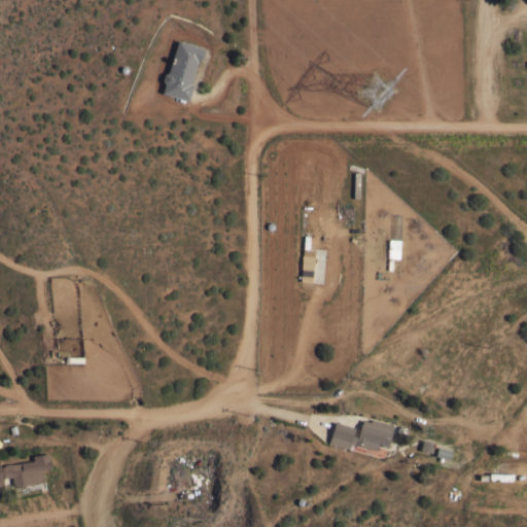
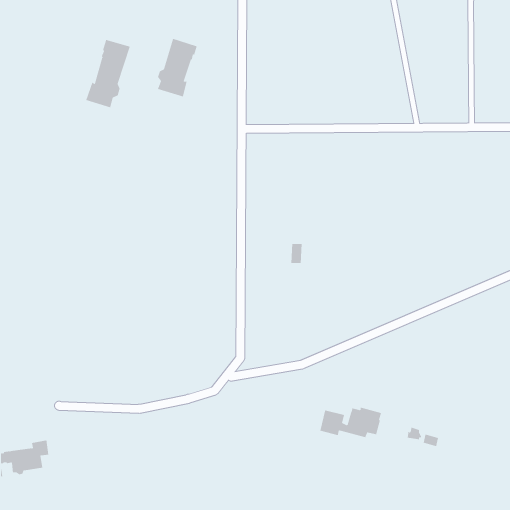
building: none -> [85,39,130,108]

